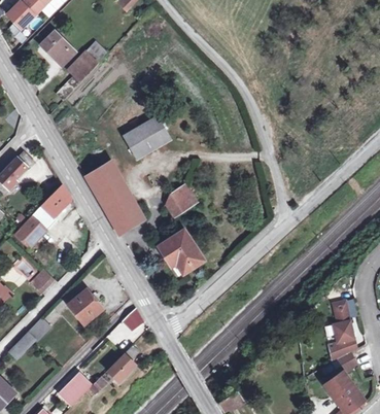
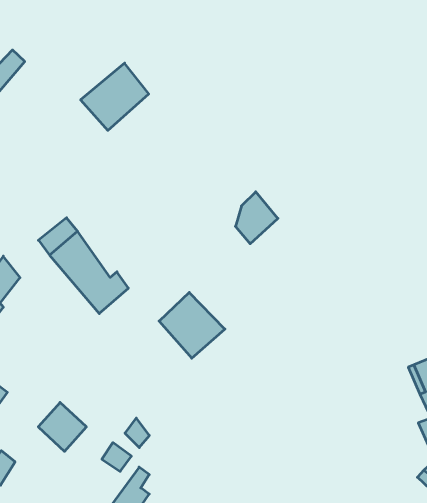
building: [122,116,169,161] -> [81,63,149,130]
building: [168,182,198,217] -> [235,192,278,244]

